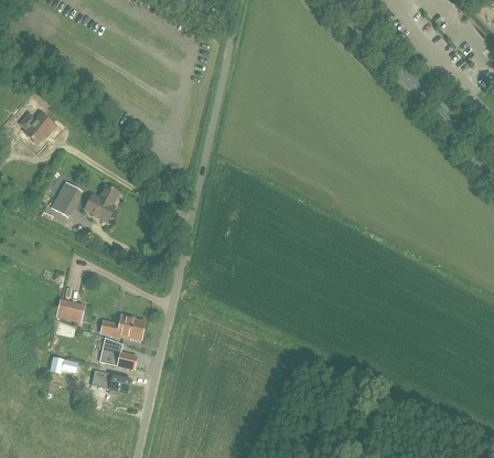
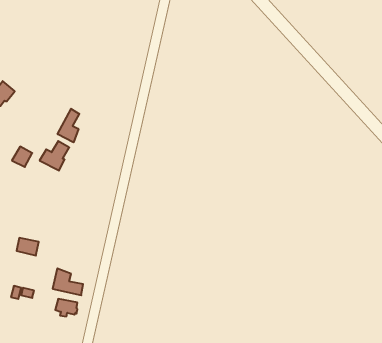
building: none -> [58,109,79,142]
building: [101,315,144,339] -> none

